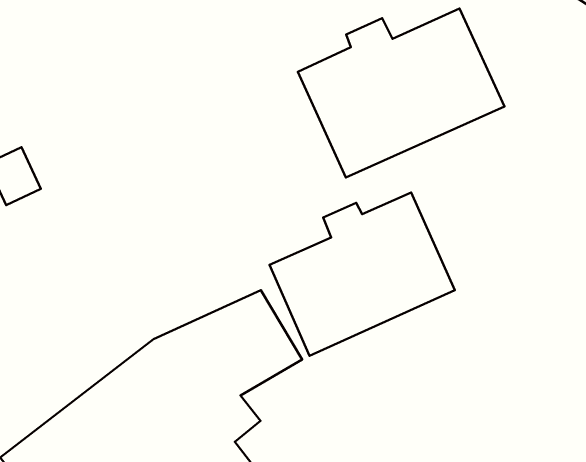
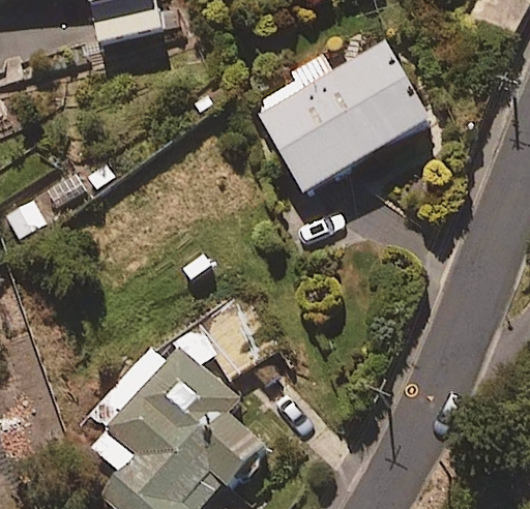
building: [269,193,455,356] -> none

